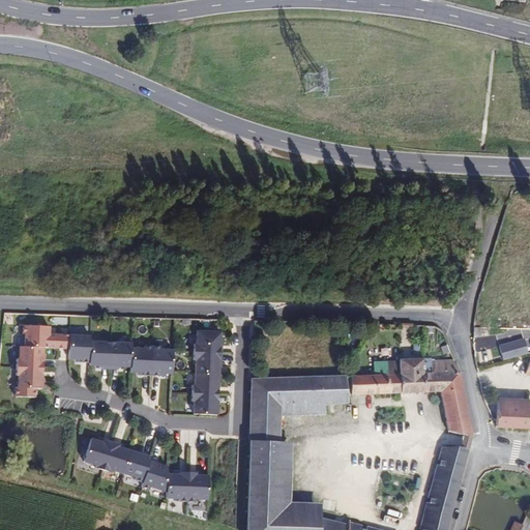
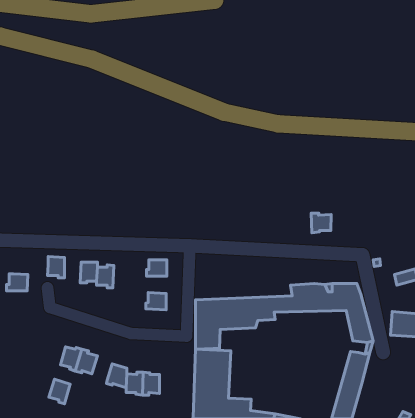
building: none -> [311,213,331,233]
building: [19,327,65,349] -> none
building: [86,331,107,358] -> none
building: [147,336,169,364] -> none
building: [189,350,215,372] -> none
building: [11,369,38,398] -> none
building: [187,391,214,413] -> none
building: [120,450,147,481] -> [49,379,70,404]

